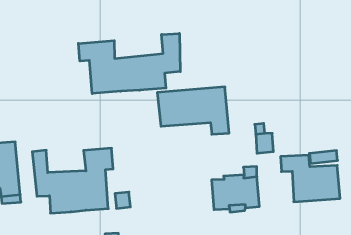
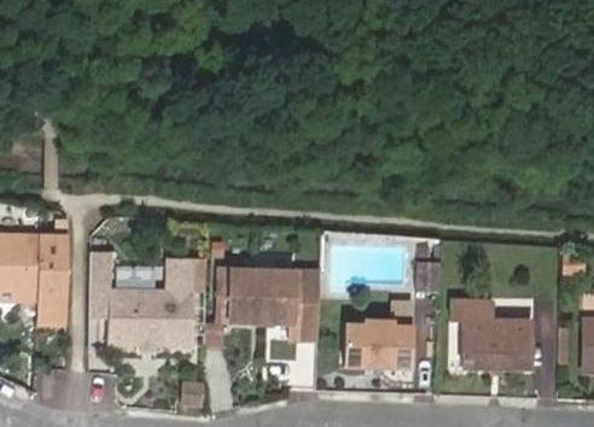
building: [78,33,180,94] -> none
building: [157,87,229,134] -> [219,269,318,339]

